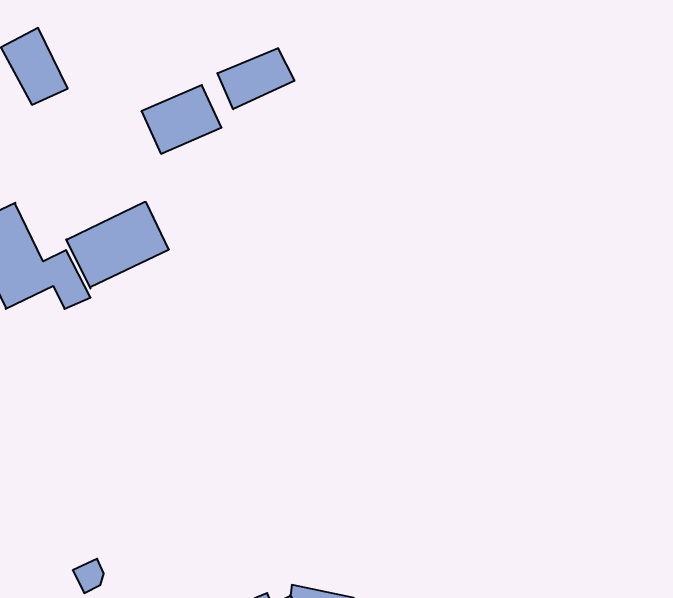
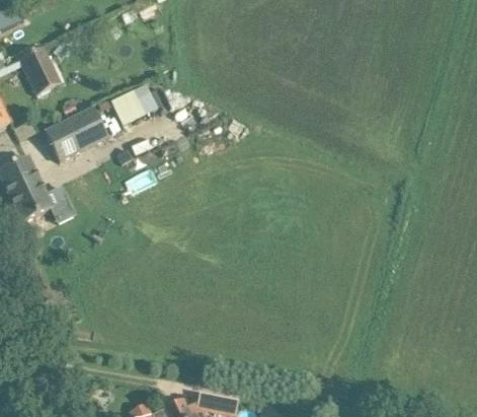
building: [217,48,294,109] -> none
building: [66,202,169,289] -> [44,106,107,159]

